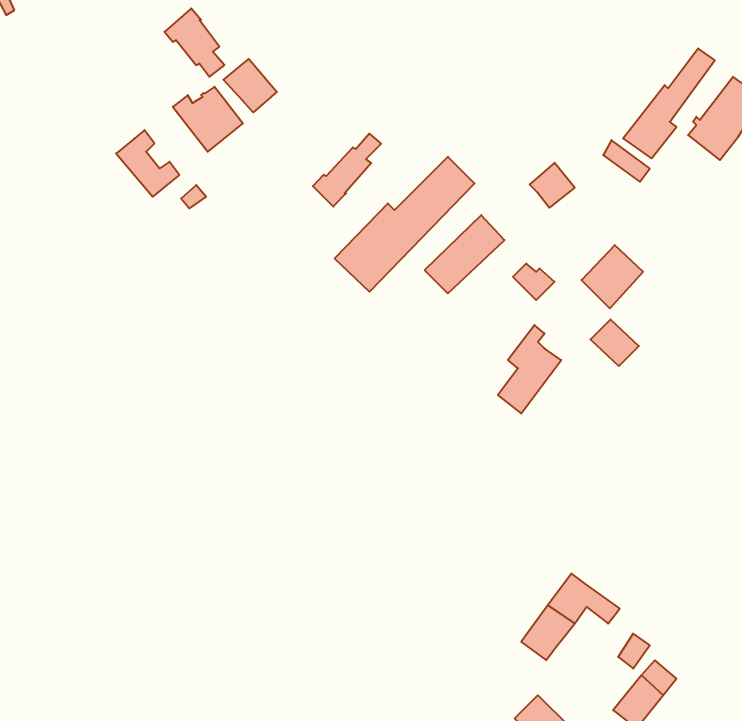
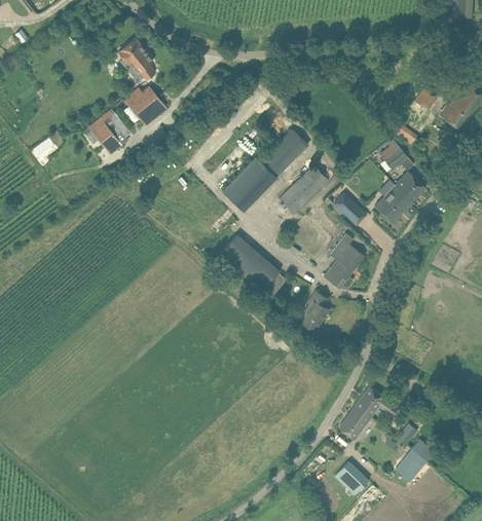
building: [223,59,277,112] -> none
building: [313,134,381,207] -> none
building: [530,163,575,208] -> [379,141,407,169]
building: [590,319,639,366] -> [396,171,425,199]
building: none -> [218,234,280,292]
building: none -> [299,290,329,330]

